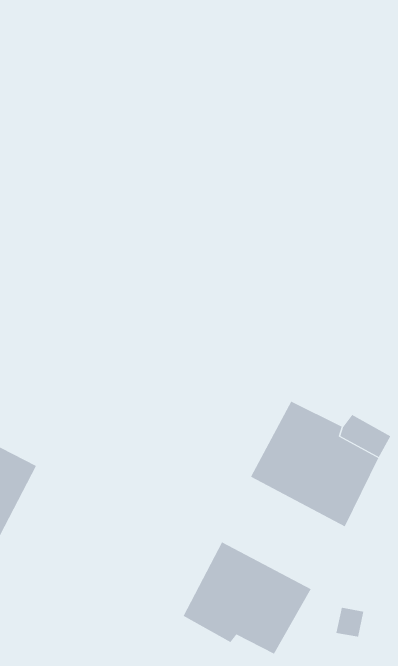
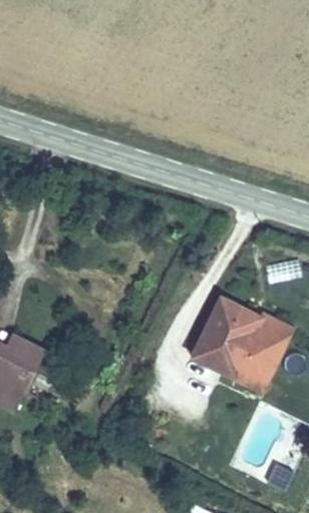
building: [183,542,311,654] -> none

